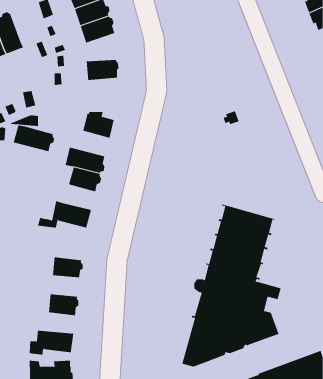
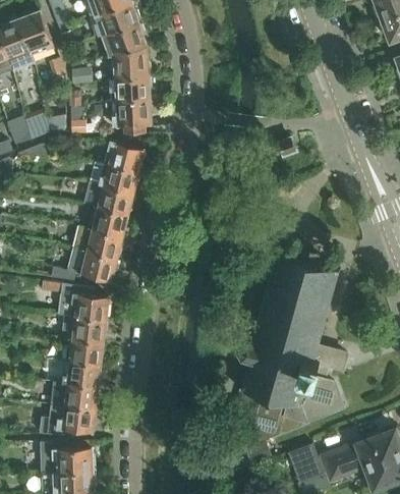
building: none -> [18,10,54,54]
building: none -> [109,44,150,77]
building: none -> [106,98,152,133]
building: [13,125,55,152] -> [90,160,140,193]
building: none -> [83,227,122,258]
building: none -> [42,281,108,319]
building: none -> [66,337,104,363]
building: none -> [51,381,99,407]

